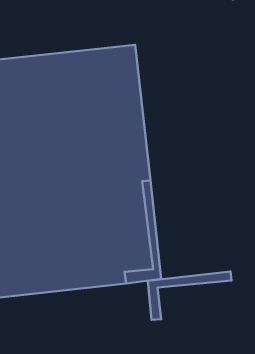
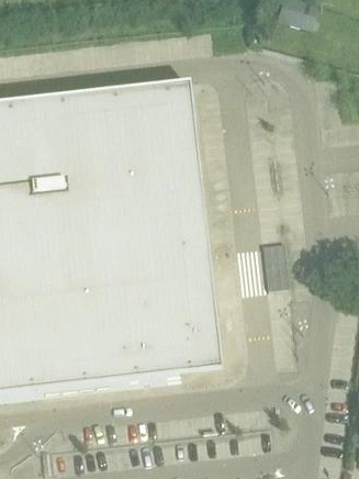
building: [148,272,232,320] -> none

